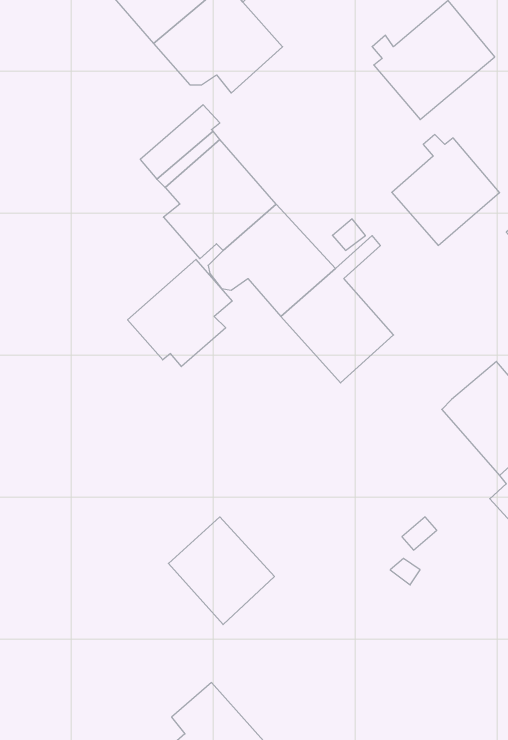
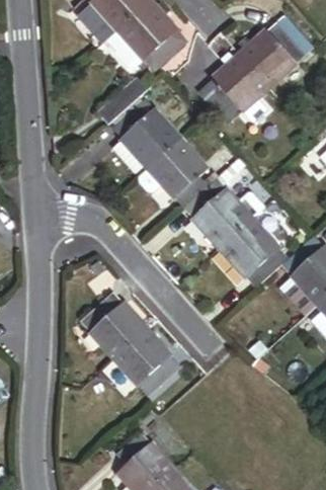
building: [392,135,500,245] -> [203,53,269,120]
building: [128,259,232,367] -> none
building: none -> [221,220,289,289]
building: none -> [82,295,147,359]

